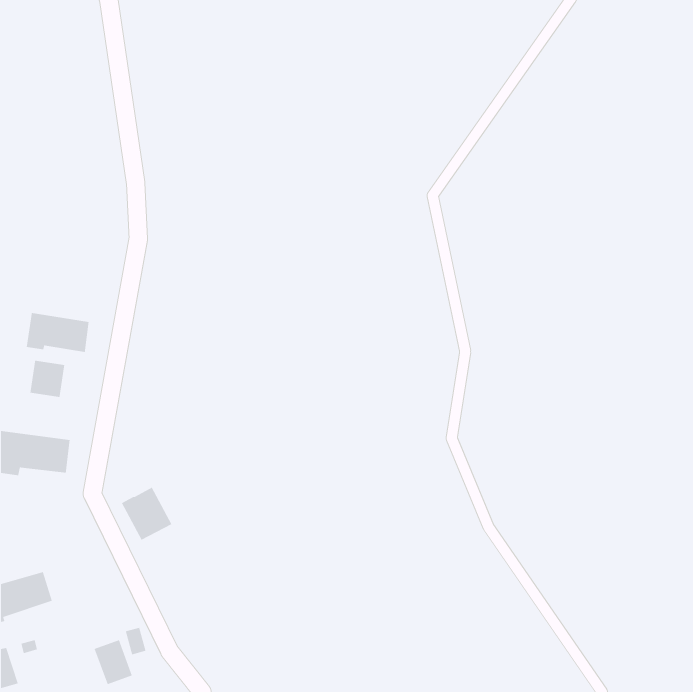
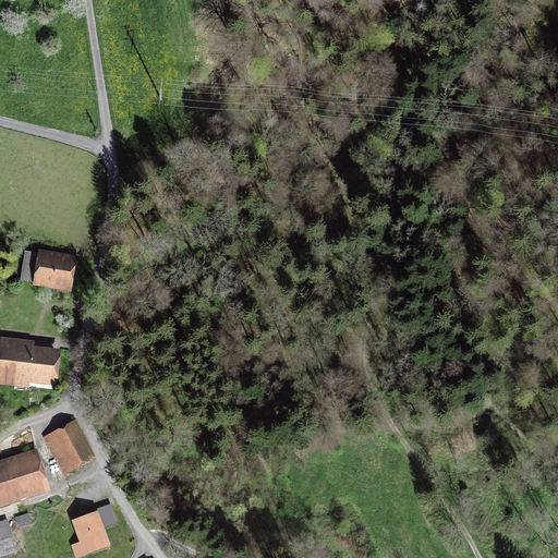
building: [29,360,65,398] -> none
building: [121,487,172,541] -> [47,425,88,469]

